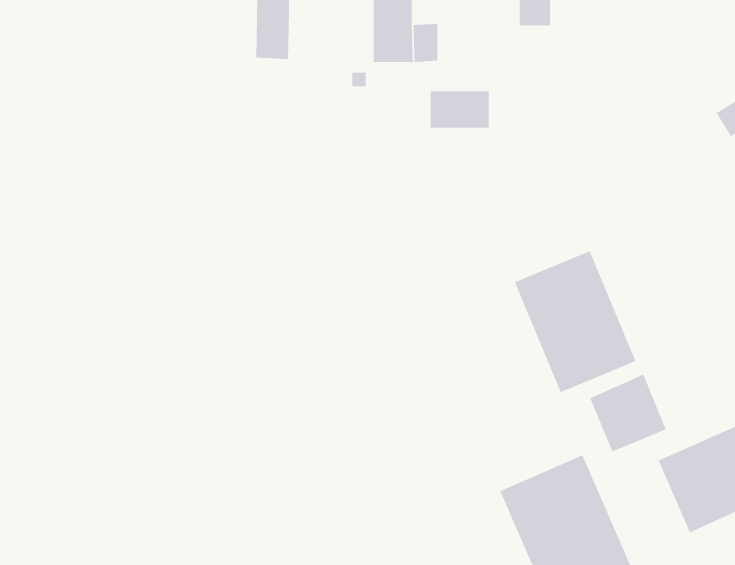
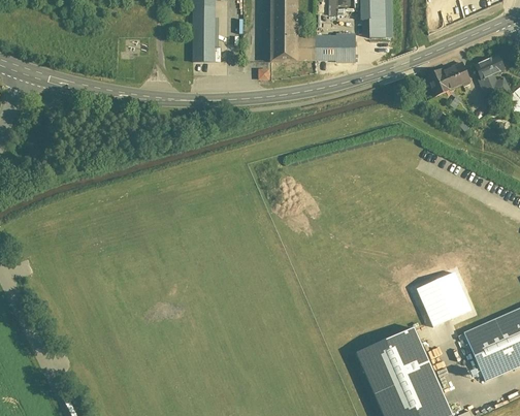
building: none -> [476,55,509,98]
building: none -> [427,61,470,94]
building: [430,91,489,129] -> [316,34,356,60]
building: [514,250,636,393] -> none

